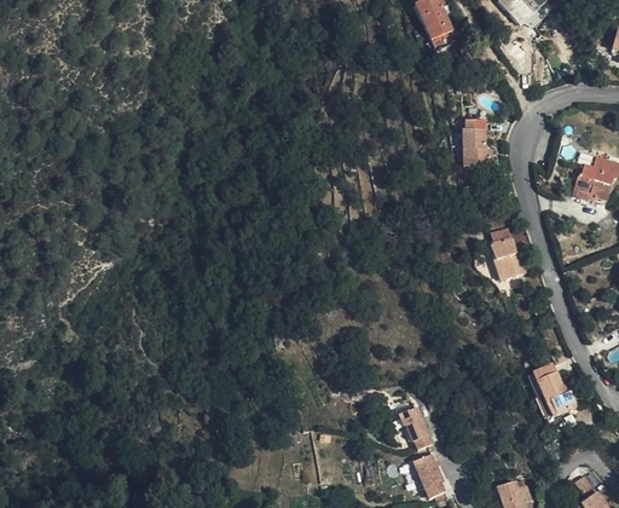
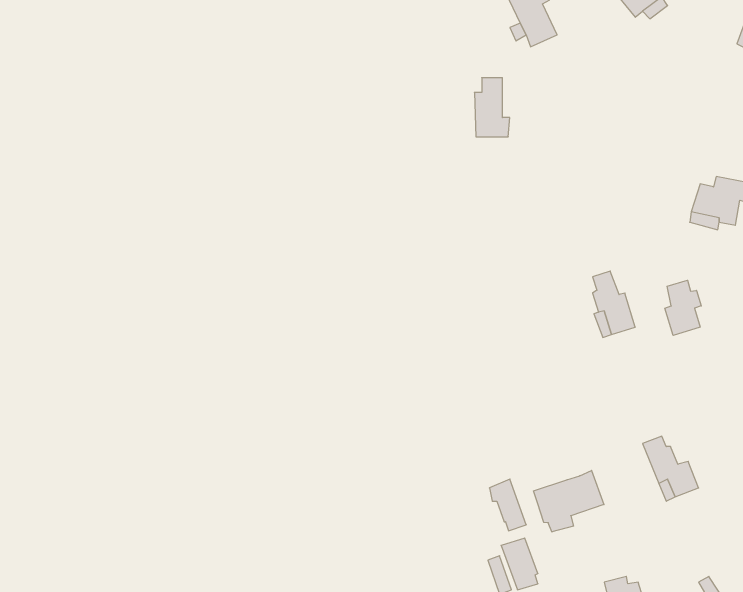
building: [458,122,487,171] -> [474,78,510,137]
building: none -> [665,280,701,335]
building: none -> [534,470,604,532]

